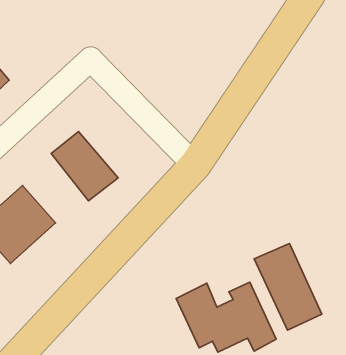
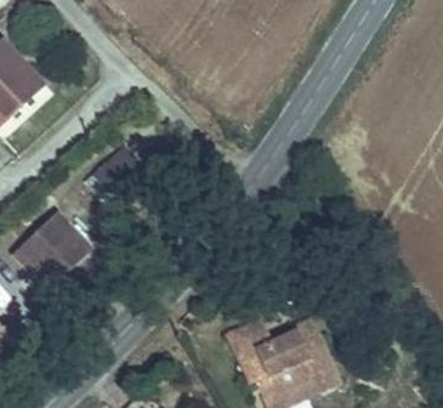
building: [254,244,322,330] -> none

